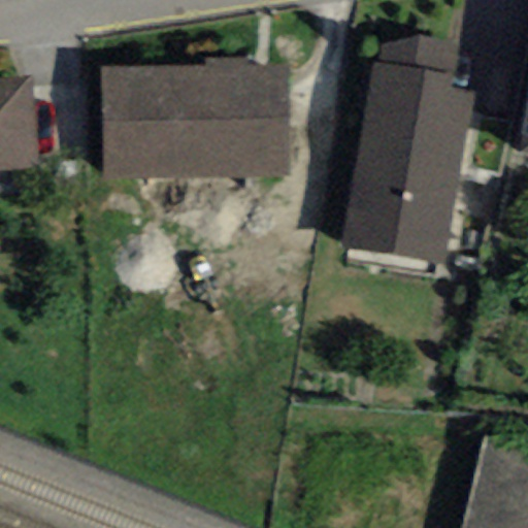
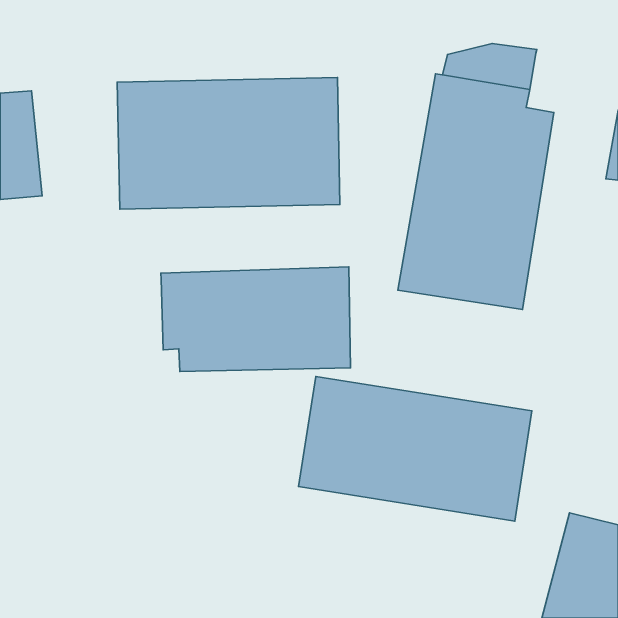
building: none -> [161,267,351,372]
building: none -> [299,376,532,521]

